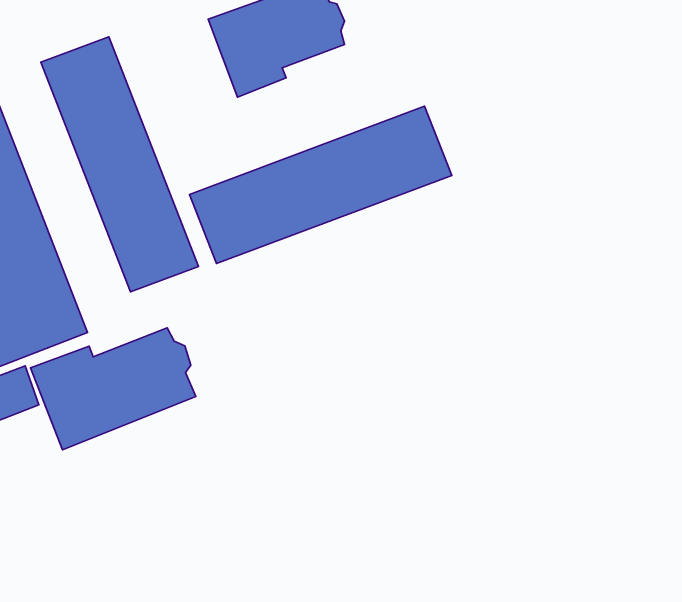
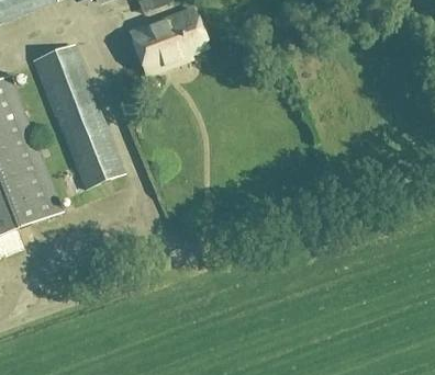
building: [189,106,452,264] -> none
building: [30,328,196,450] -> none

